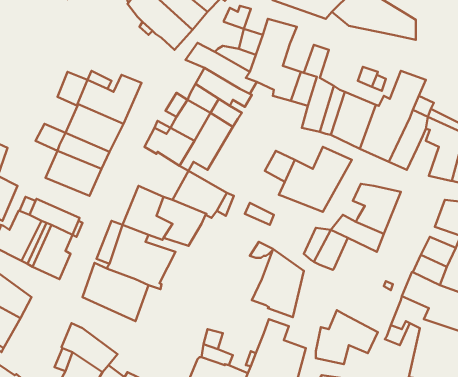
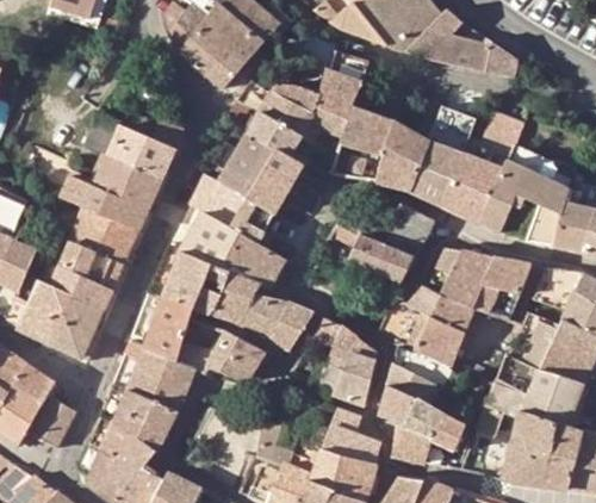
building: none -> [181,211,241,268]
building: none -> [60,242,123,290]
building: none -> [473,259,532,323]
building: none -> [241,297,312,349]
building: none -> [414,313,465,367]
building: none -> [206,330,265,383]
building: none -> [378,362,435,422]
building: none -> [101,384,178,452]
building: none -> [31,399,75,449]

